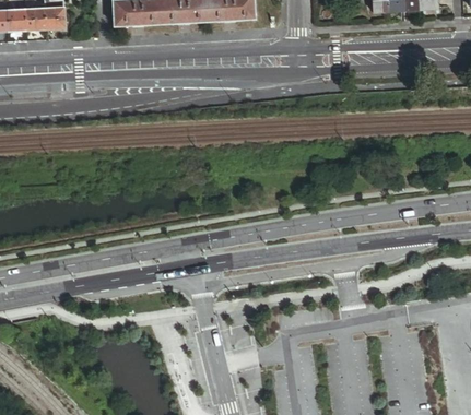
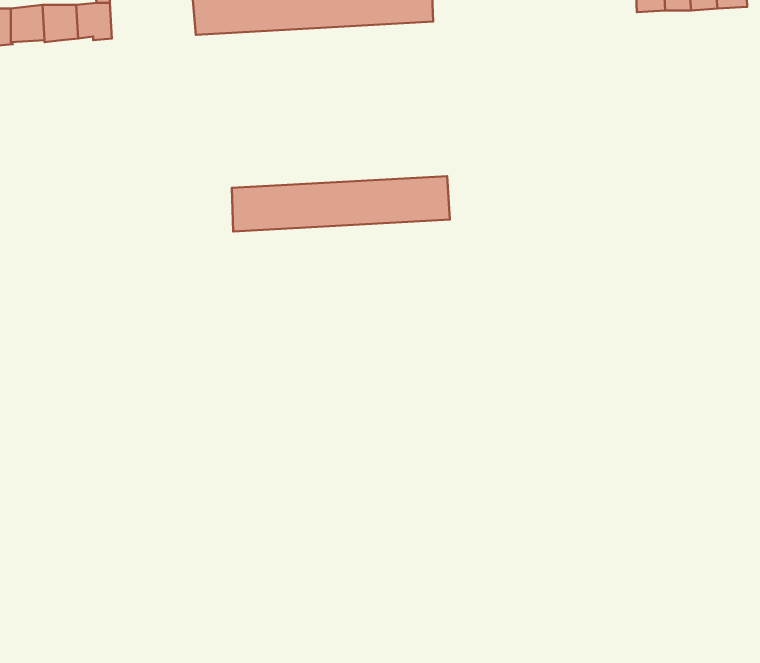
building: none -> [232,176,450,231]

